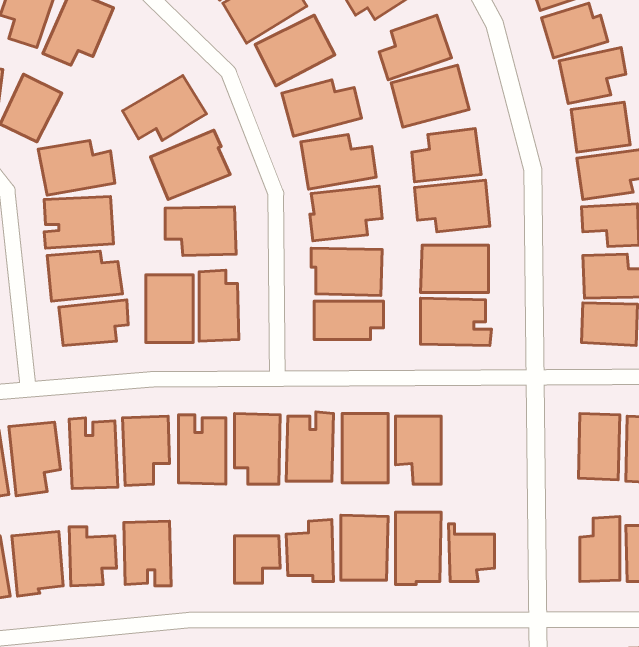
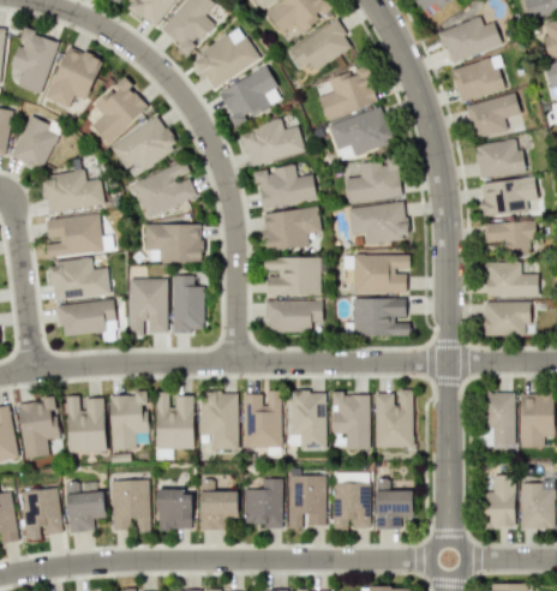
building: none -> [91,78,149,144]
building: none -> [375,389,414,448]
building: none -> [158,489,193,530]

